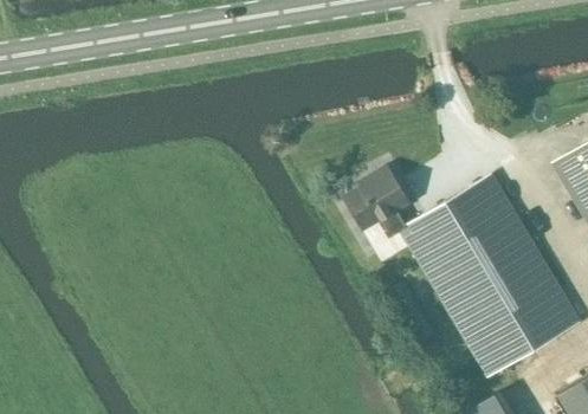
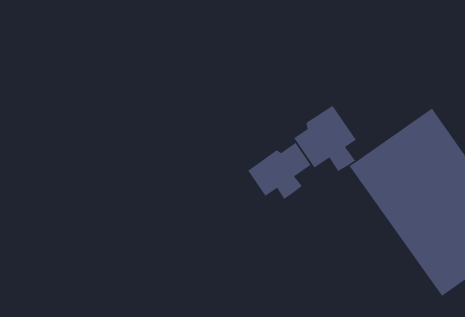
building: none -> [247,142,312,200]

